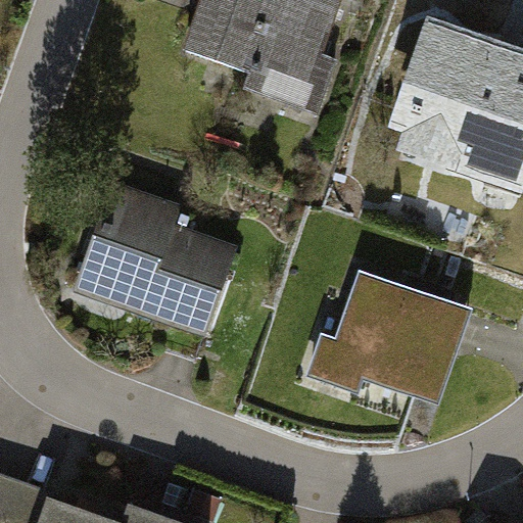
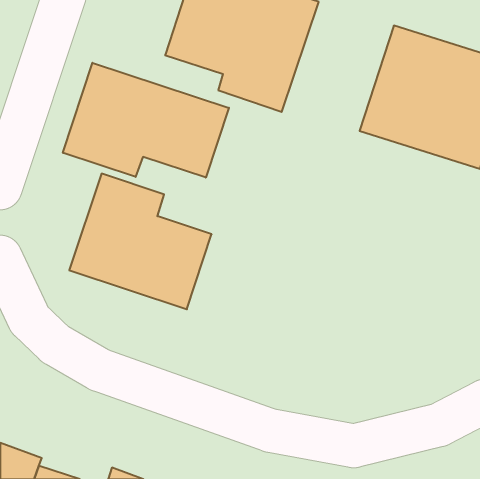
building: none -> [63,63,229,178]
building: [299,263,471,400] -> none

